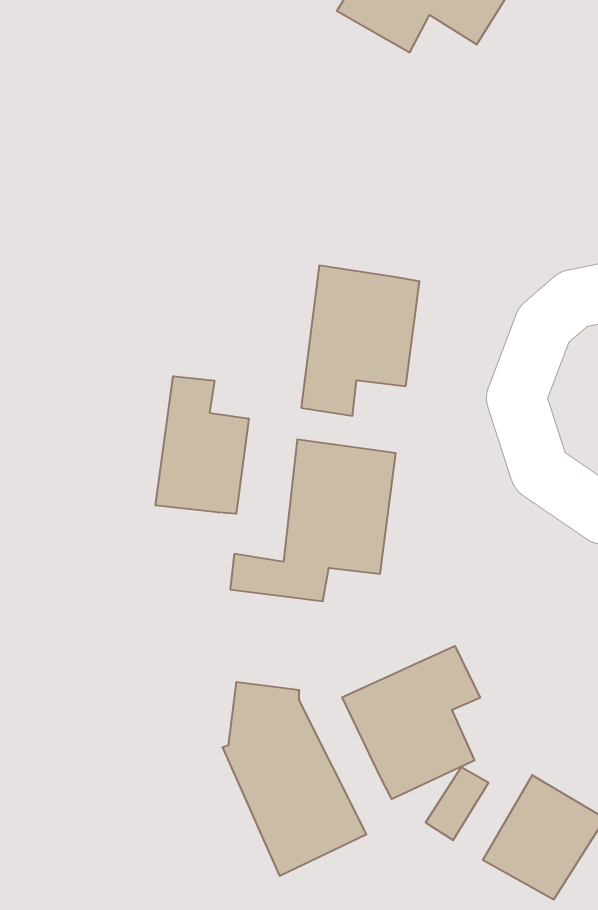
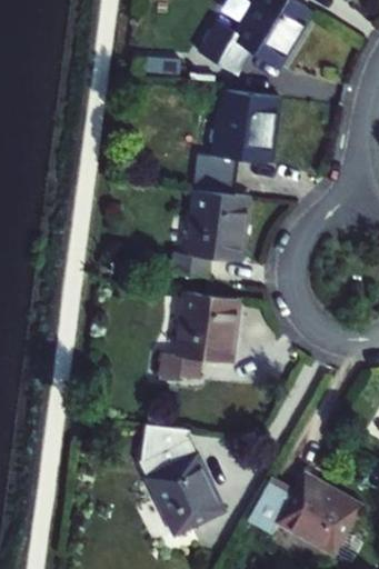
building: none -> [192,92,283,199]
building: [155,376,249,514] -> none
building: [342,646,480,799] -> none

